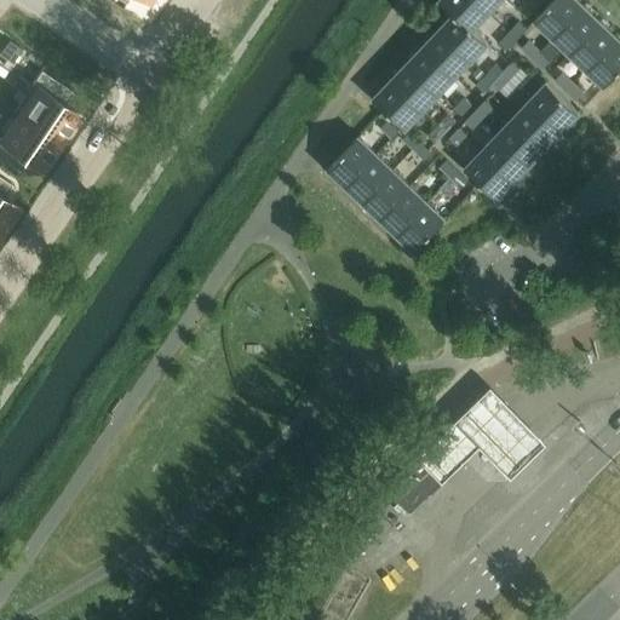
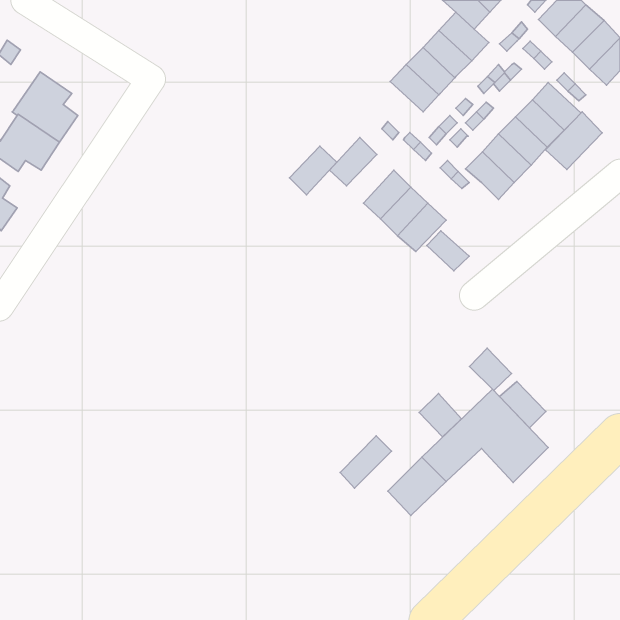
building: [373,82,421,130] -> none
building: none -> [546,112,602,169]
building: [345,155,392,203] -> [290,146,337,195]
building: none -> [427,231,469,271]
building: none -> [469,348,511,391]
building: none -> [500,381,546,428]
building: none -> [419,394,461,437]
building: none -> [340,436,392,488]

